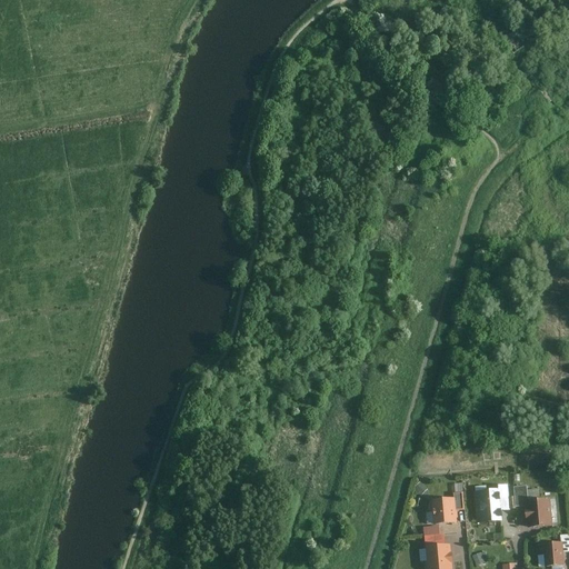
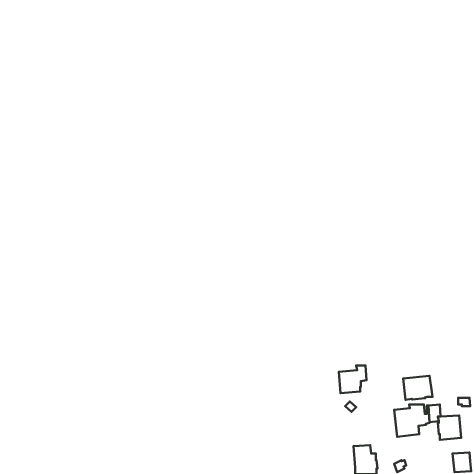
building: none -> [403,376,433,400]
building: [430,491,463,525] -> [339,365,367,393]

